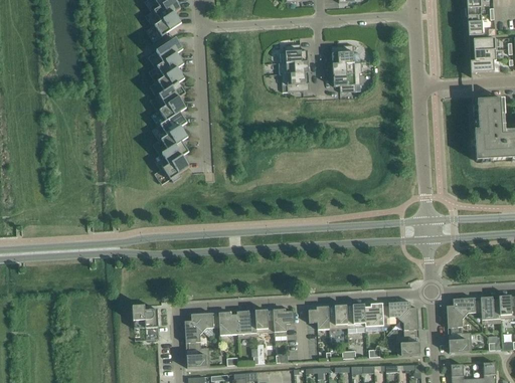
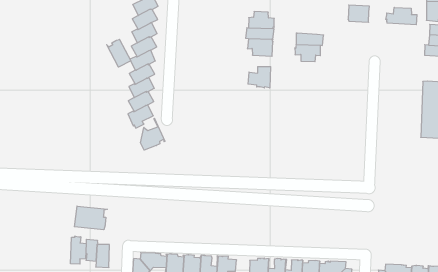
building: none -> [386,7,417,25]
building: [331,45,354,63] -> [348,5,369,22]
building: none -> [107,39,131,67]
building: none -> [248,67,271,88]
building: none -> [141,118,165,150]
building: none -> [74,206,107,230]
building: none -> [71,236,86,264]

